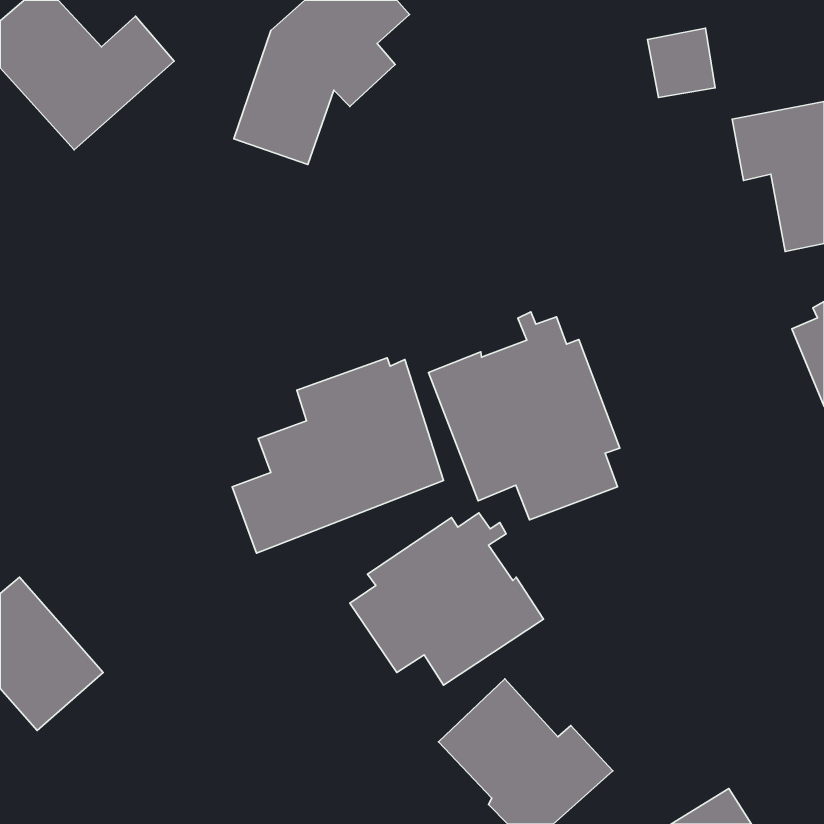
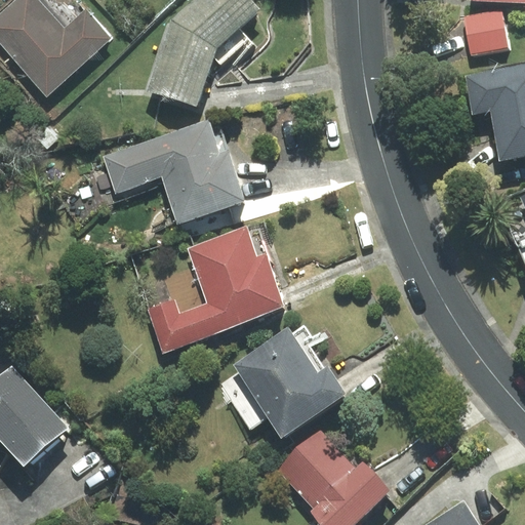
building: [647,28,715,98] -> [465,10,508,54]
building: none -> [104,121,246,226]
building: [428,312,620,520] -> none

